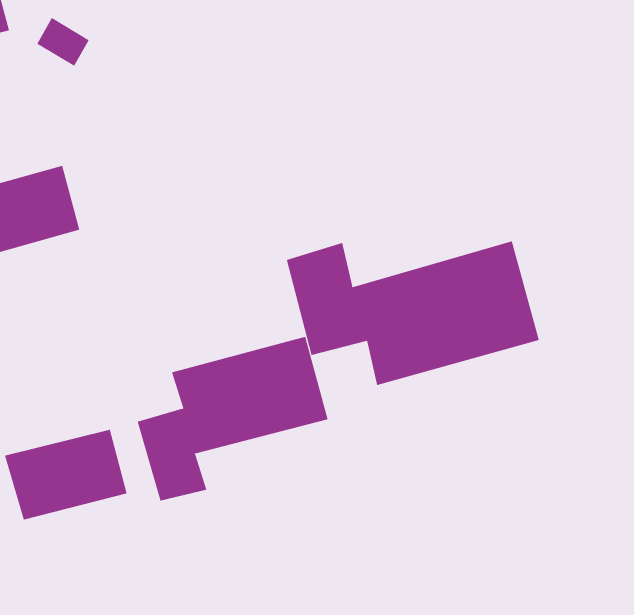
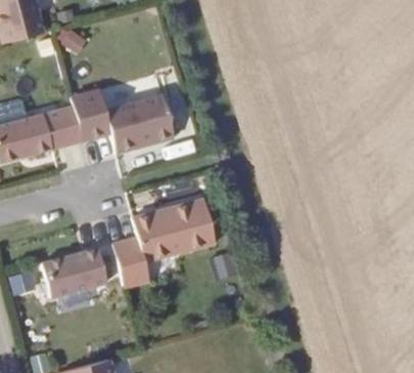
building: none -> [71,88,175,152]
building: [286,240,539,386] -> none

